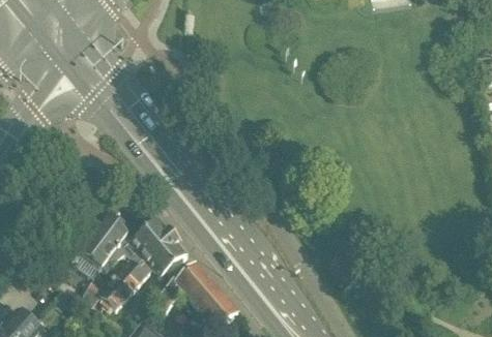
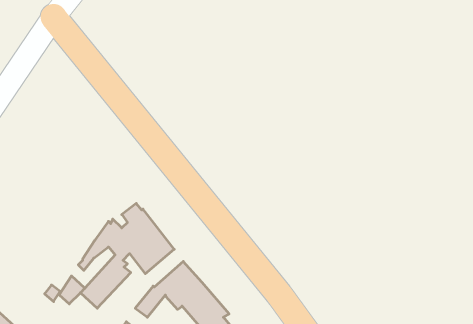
building: [74,212,127,276] -> none

